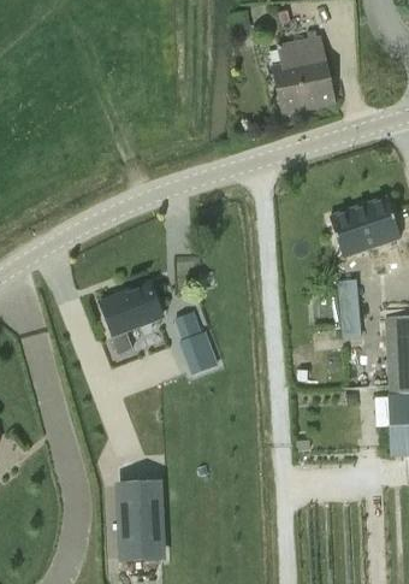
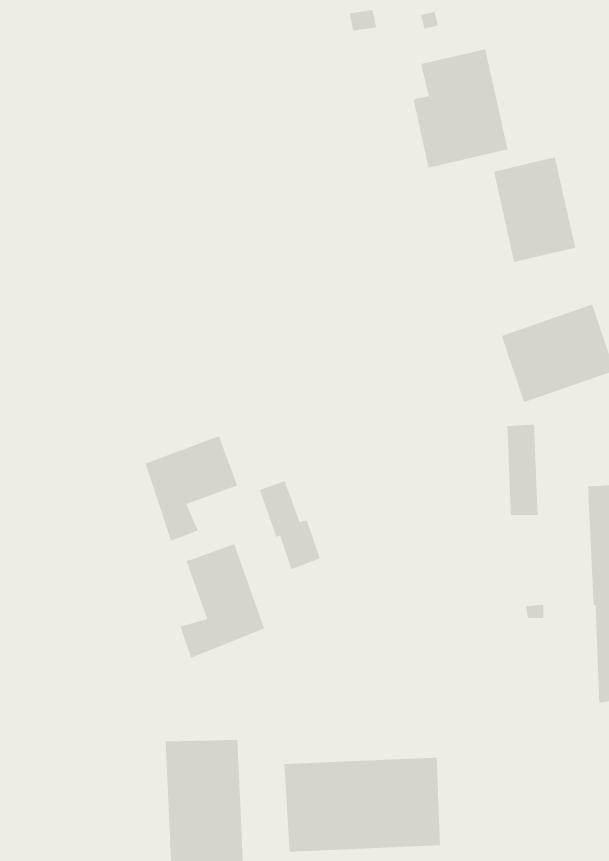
building: none -> [493,156,576,263]
building: none -> [180,543,265,659]
building: none -> [283,757,441,852]

